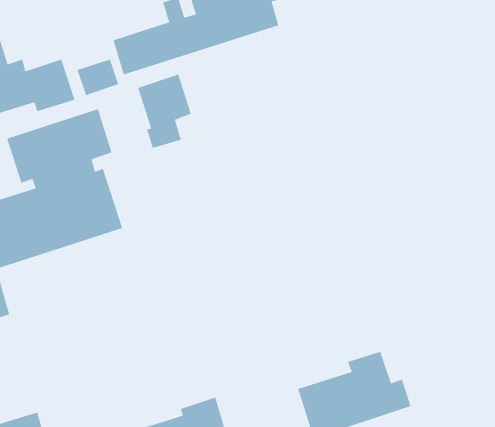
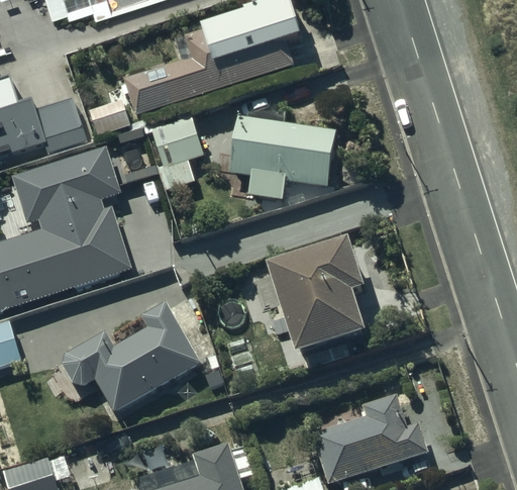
building: none -> [228,115,334,198]
building: none -> [265,238,363,355]
building: none -> [58,301,199,412]

